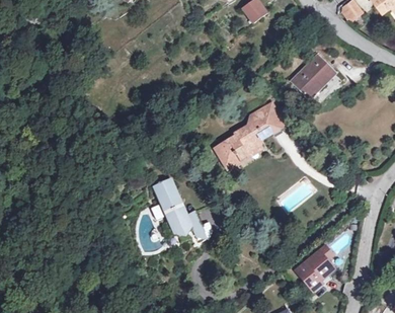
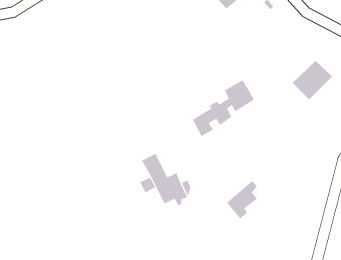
building: [291,54,336,98] -> [292,60,333,100]
building: [296,247,331,291] -> [226,180,258,219]

